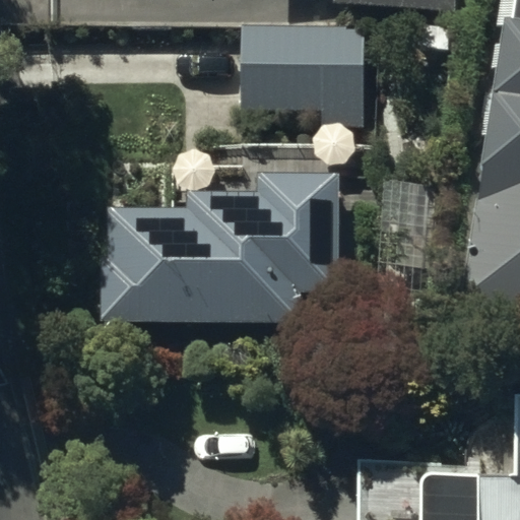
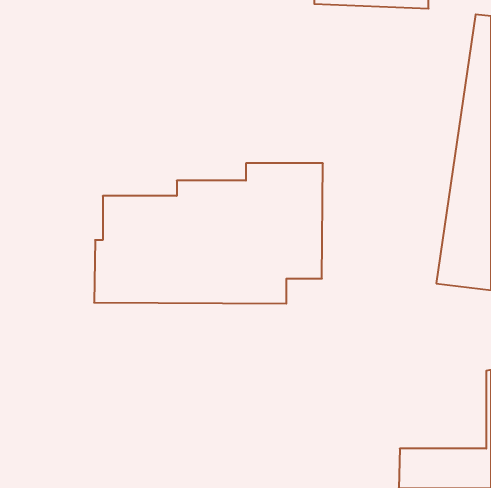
building: [242,24,366,129] -> none

